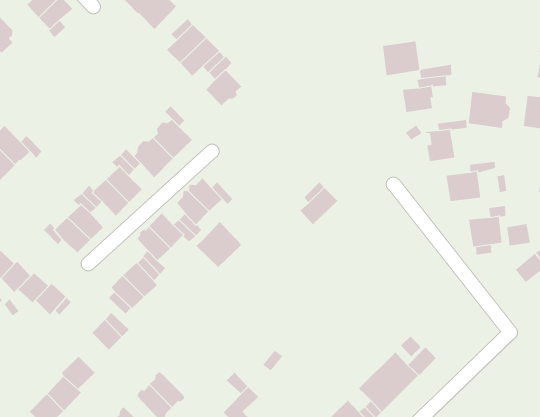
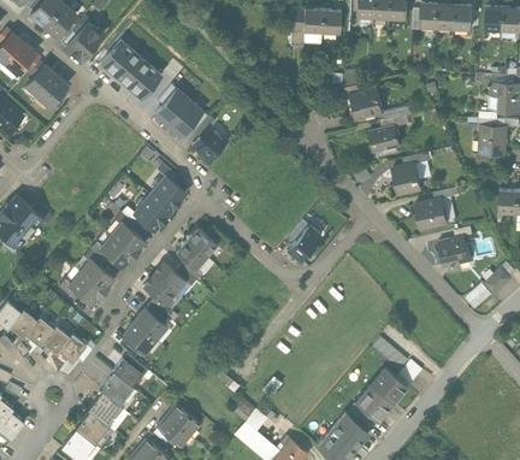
building: [468,91,510,129] -> none
building: [195,221,242,268] -> none
building: none -> [99,376,130,408]

